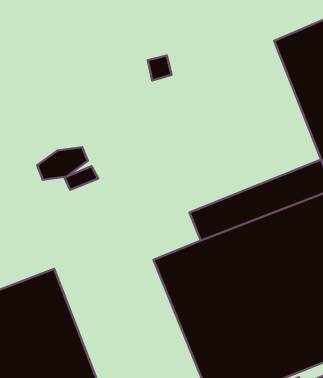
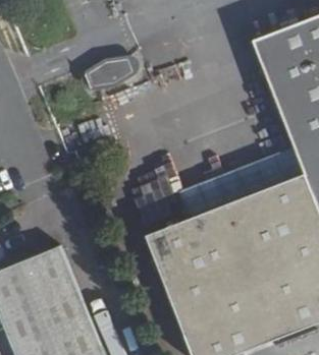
building: [37,147,88,180] -> [84,55,129,84]

